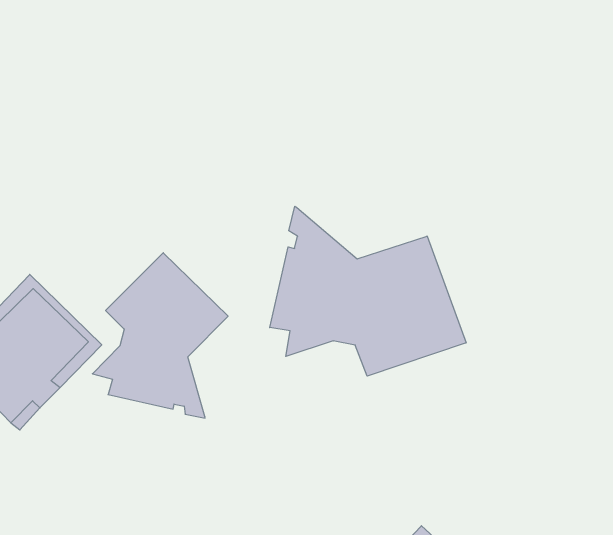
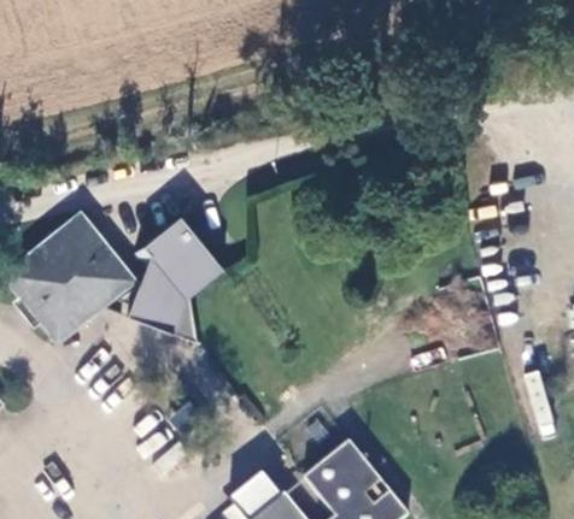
building: [270,206,466,376] -> none

